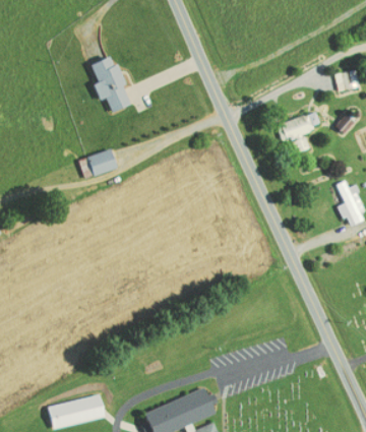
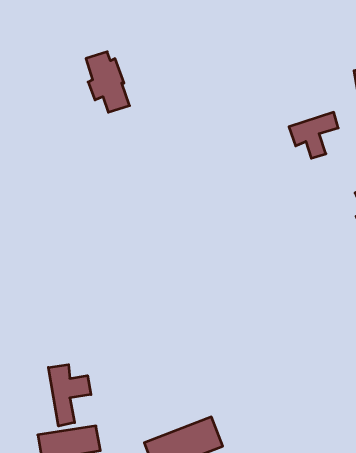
building: [78,148,118,179] -> none
building: none -> [48,365,91,426]

